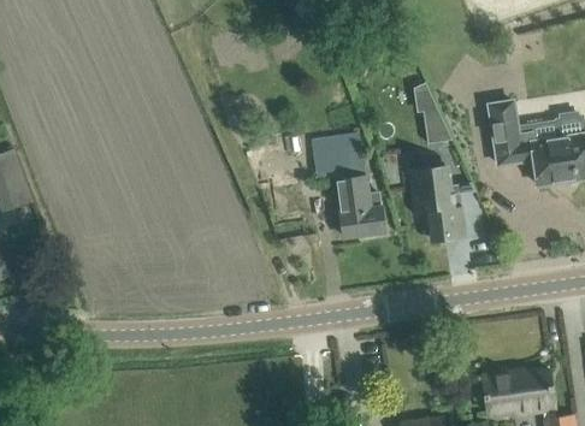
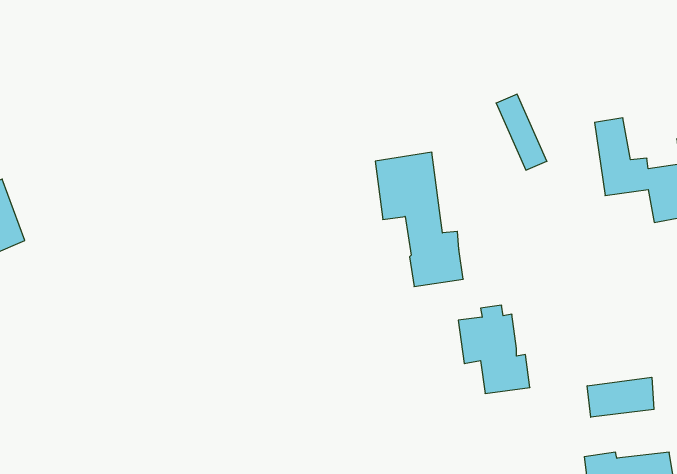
building: [407,167,465,238] -> [458,305,530,393]
building: none -> [587,377,654,417]

